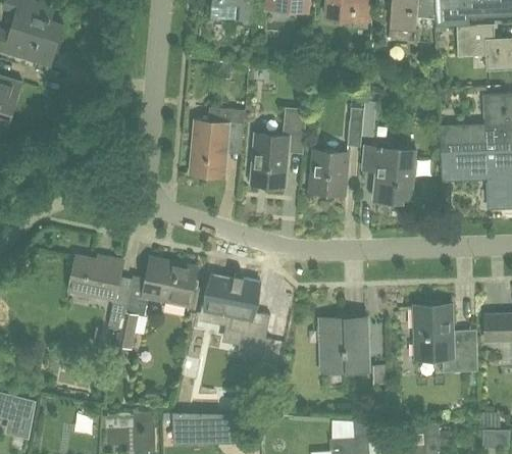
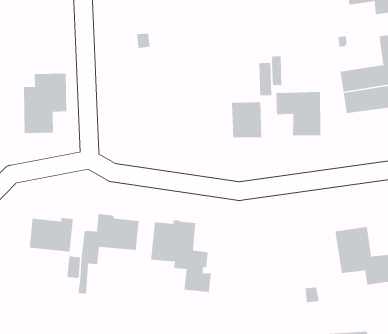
building: [190,107,245,176] -> [23,73,67,134]
building: [250,108,306,186] -> none
building: [315,317,366,371] -> none

